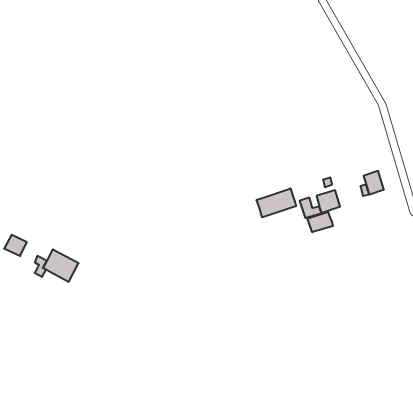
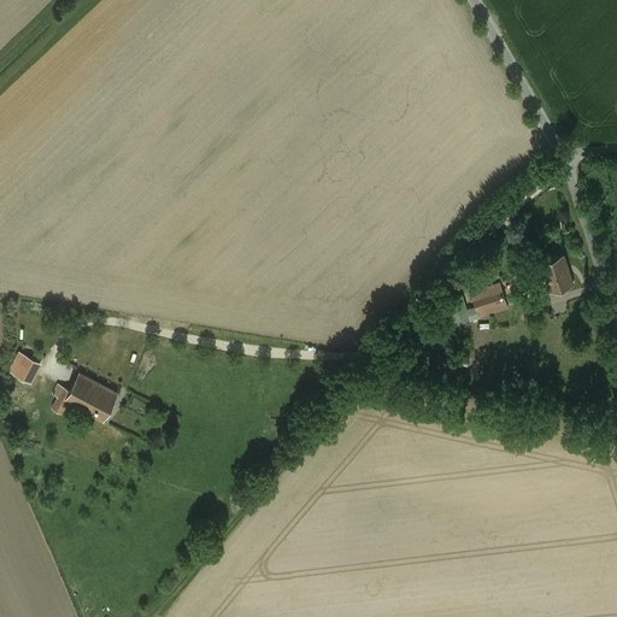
building: [257,188,296,217] -> none
building: [308,212,333,232] -> none

